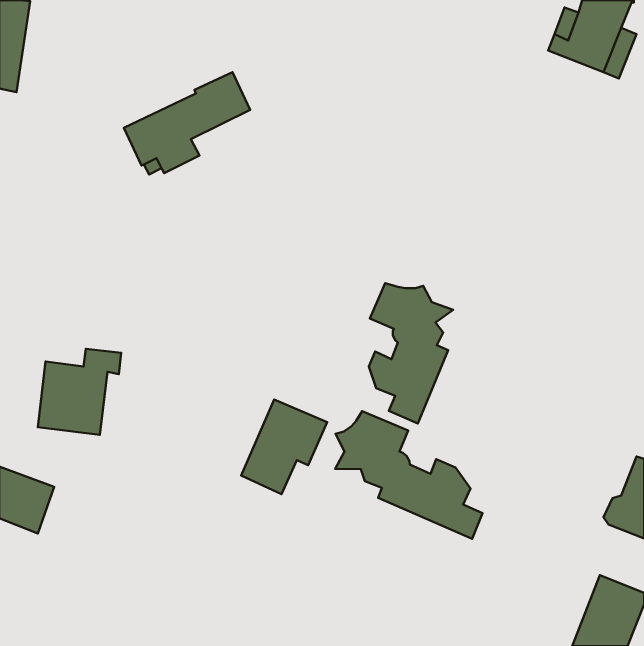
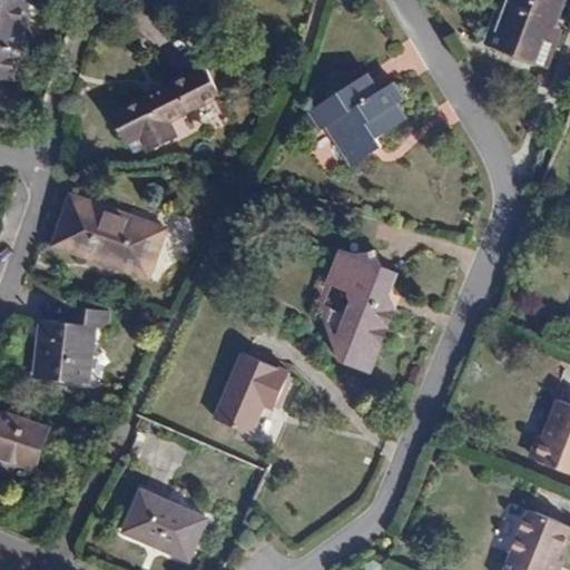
building: none -> [308,73,405,168]
building: none -> [52,195,166,278]
building: [335,411,483,539] -> none
building: none -> [121,489,206,561]

